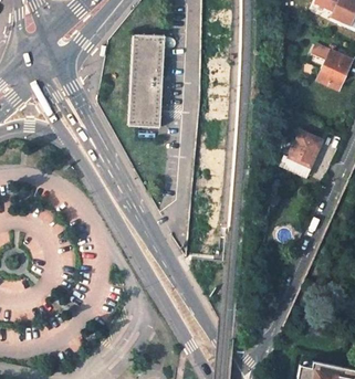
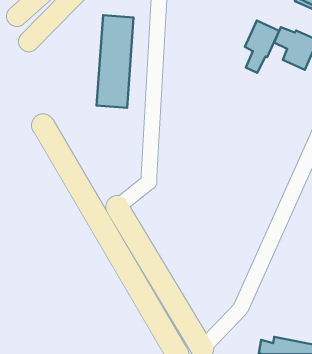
building: none -> [245,21,279,73]
building: [280,130,322,176] -> none

